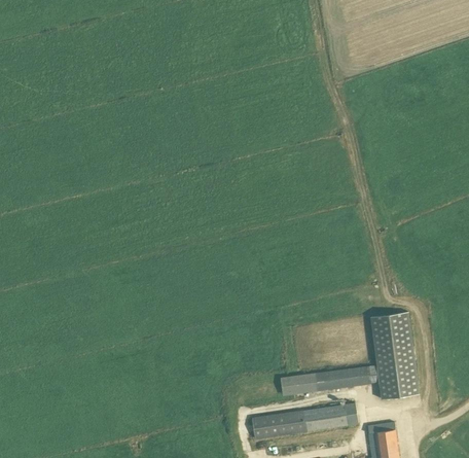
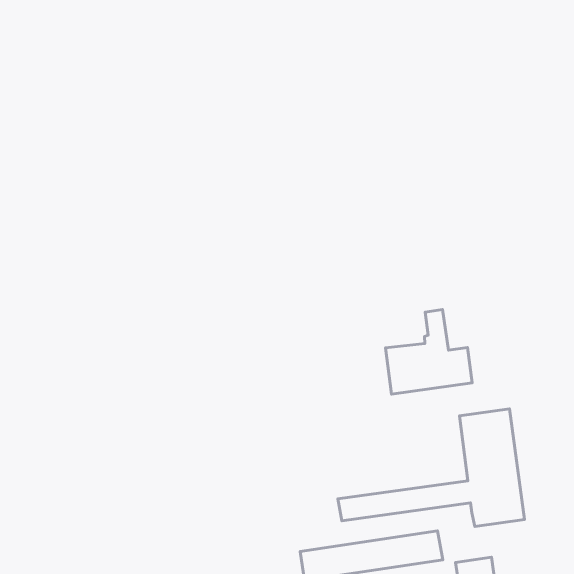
building: none -> [386,310,472,394]

